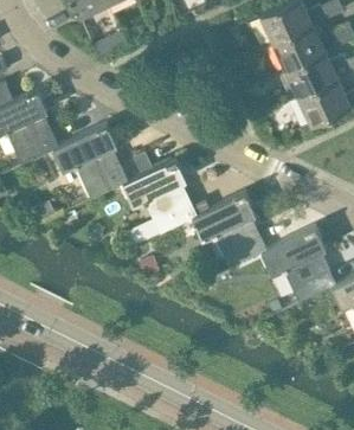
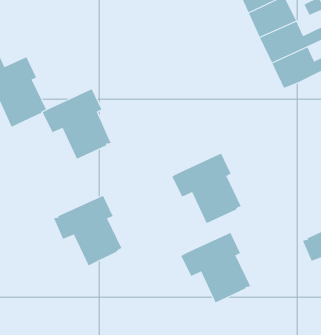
building: [122,159,197,235] -> [53,195,122,266]
building: [262,227,336,303] -> [181,232,251,303]

